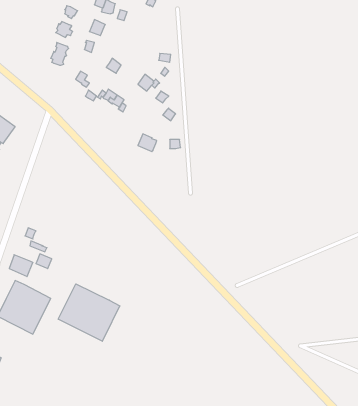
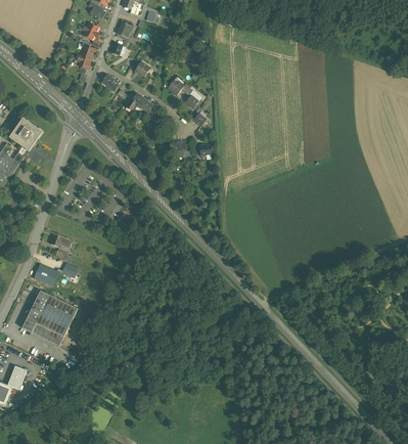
building: [58,284,120,341] -> none

